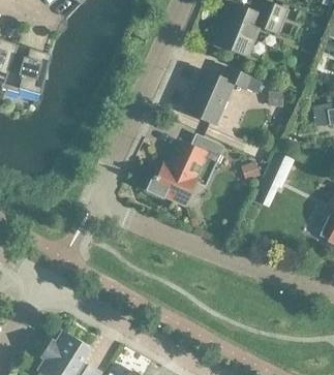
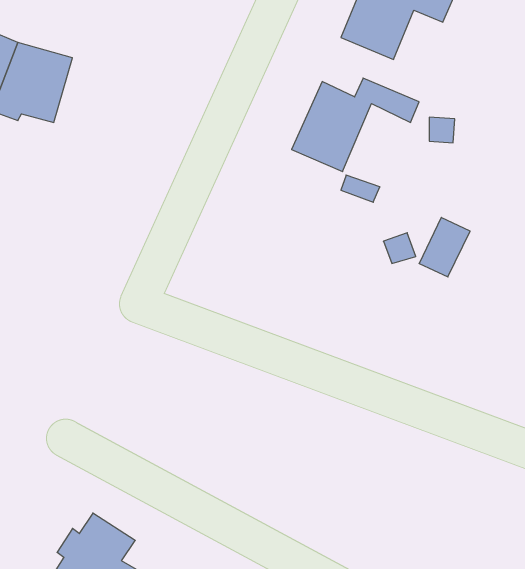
building: [147,134,221,205] -> none

